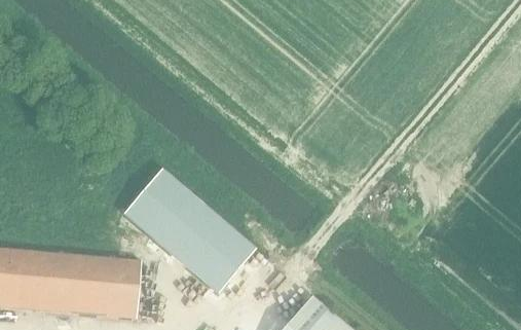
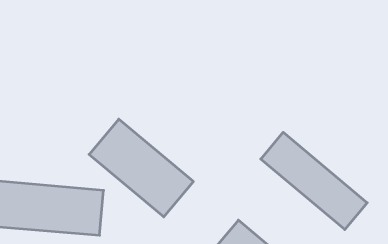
building: none -> [261,132,367,230]

